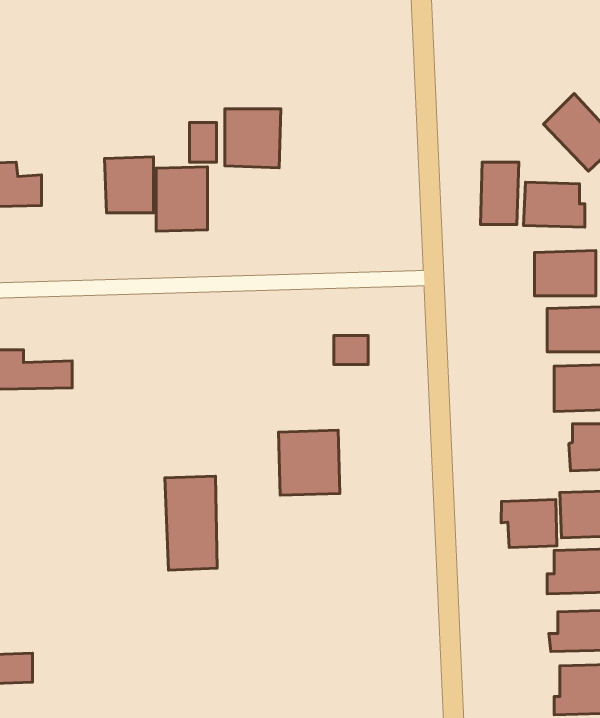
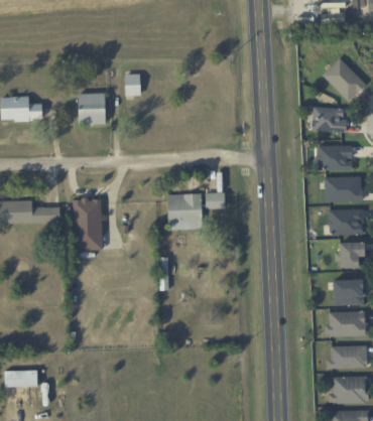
building: [225,109,281,168] -> none
building: [480,162,519,225] -> none
building: [156,167,208,231] -> none
building: [278,430,340,495] -> [167,193,202,230]
building: [165,476,217,570] -> [73,198,102,251]
building: [501,500,557,547] -> none

